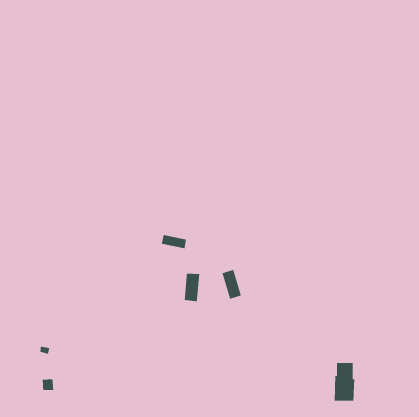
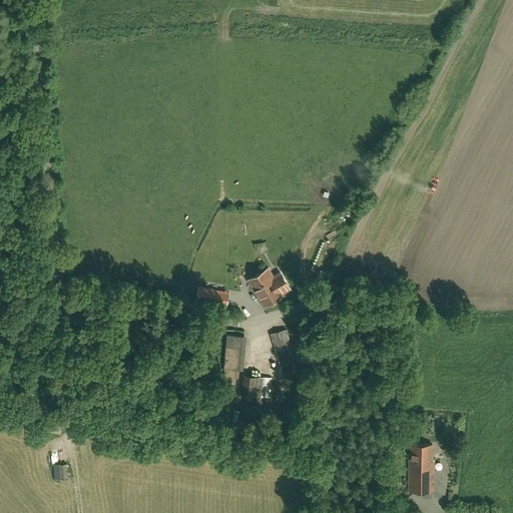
building: none -> [248,271,290,308]
building: none -> [243,376,272,399]

